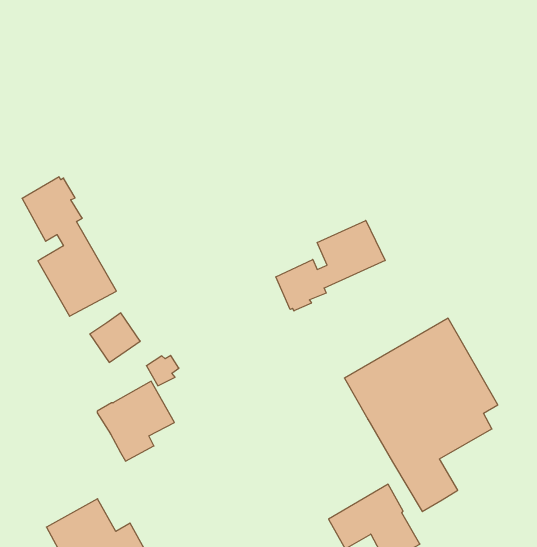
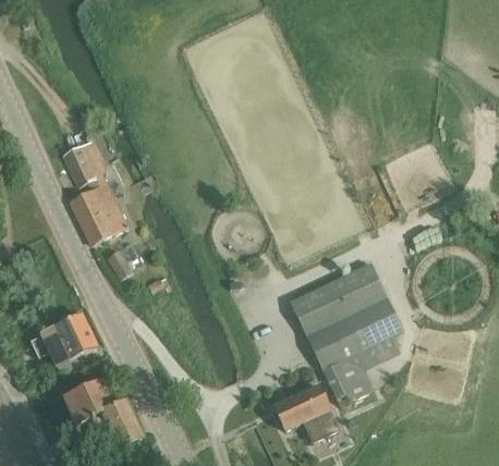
building: [276,220,385,311] -> none
building: [97,381,174,461] -> [40,315,97,372]

